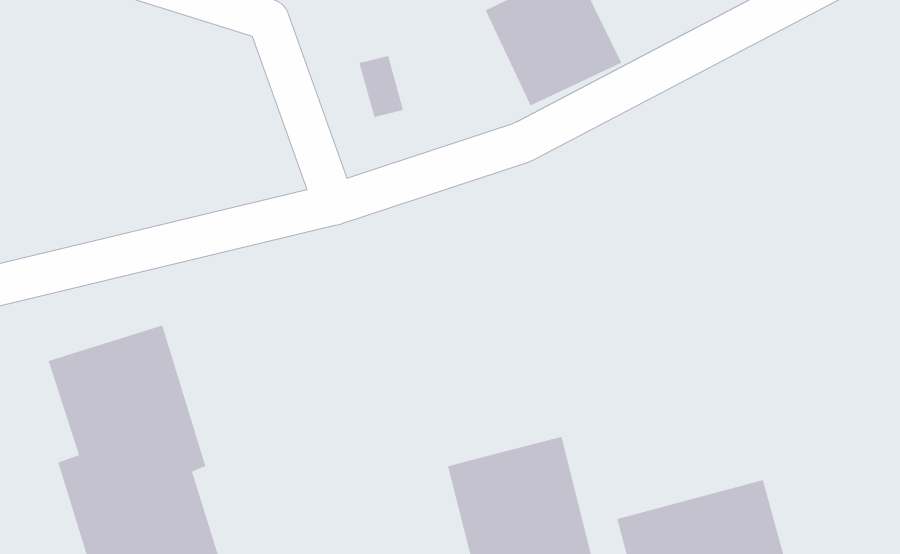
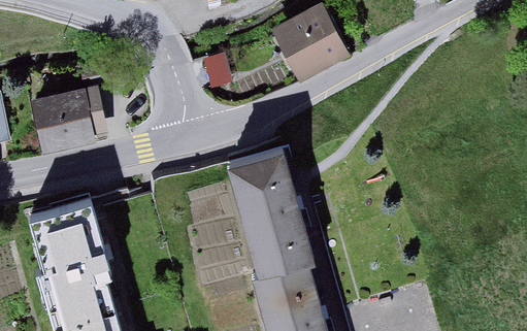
building: none -> [32,85,110,152]
building: none -> [228,148,314,275]

